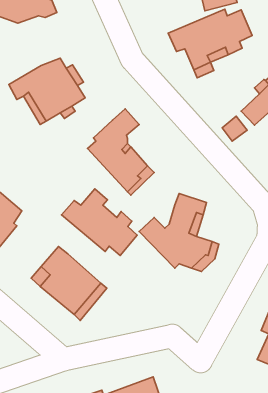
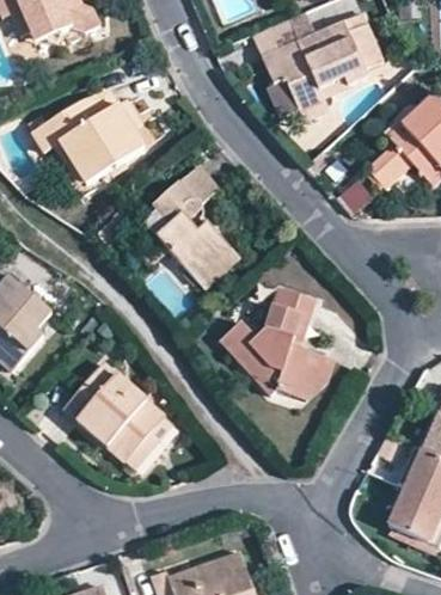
building: [61,189,137,255] -> none

